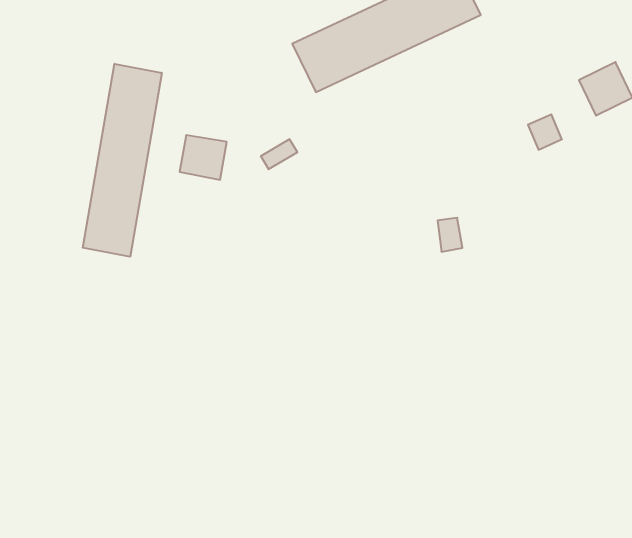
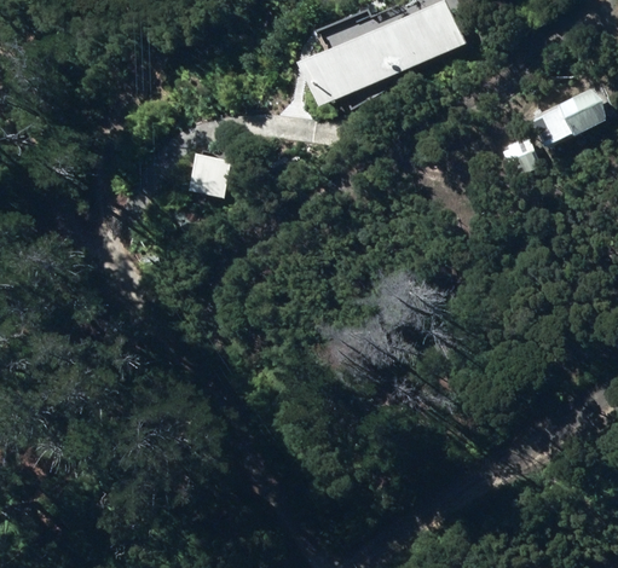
building: [83,64,162,257] -> none

